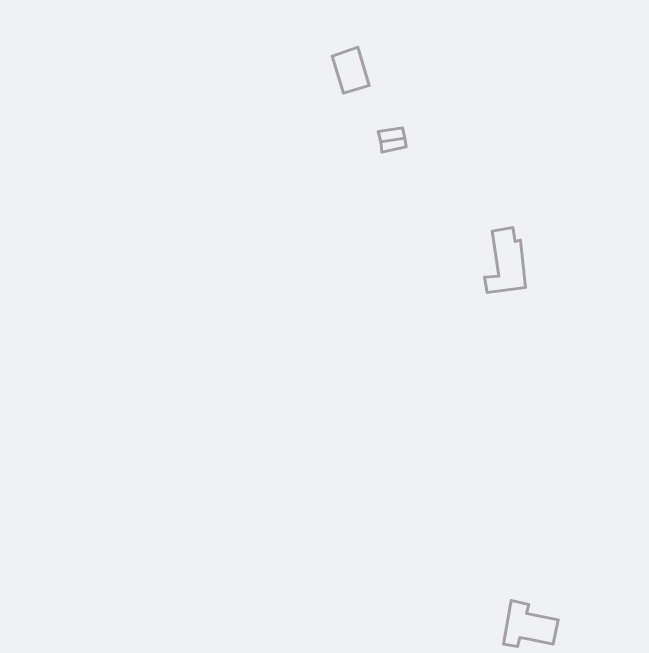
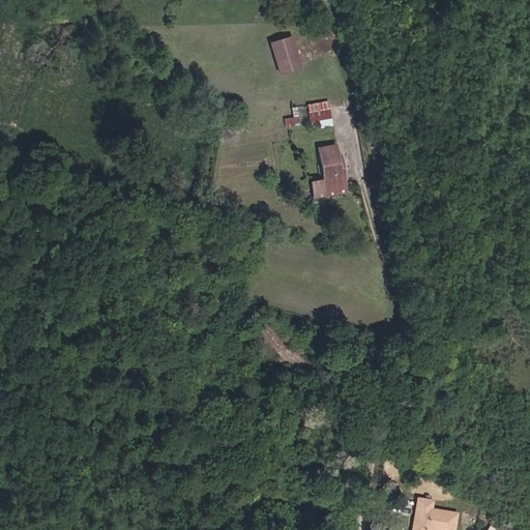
building: [485,227,526,293] -> [313,146,346,199]

